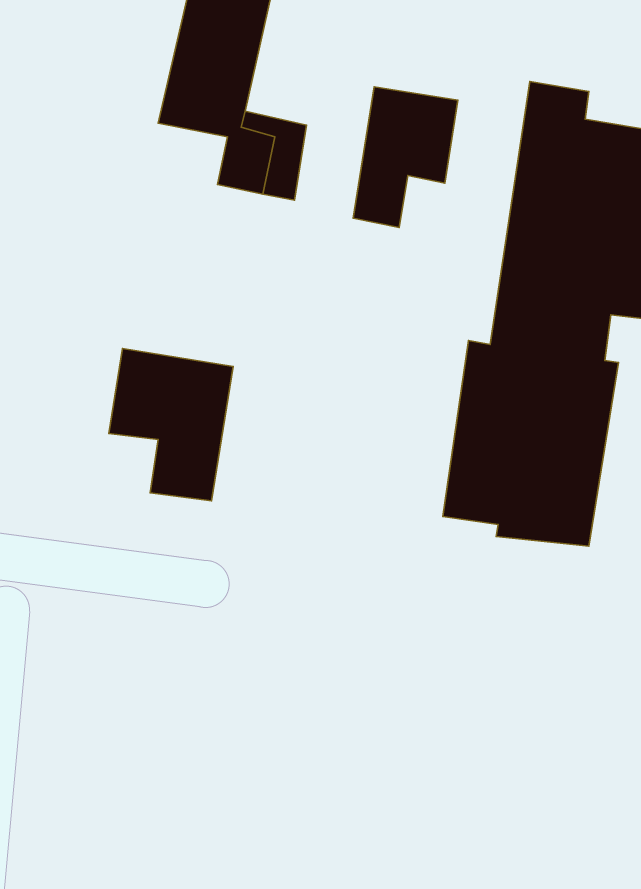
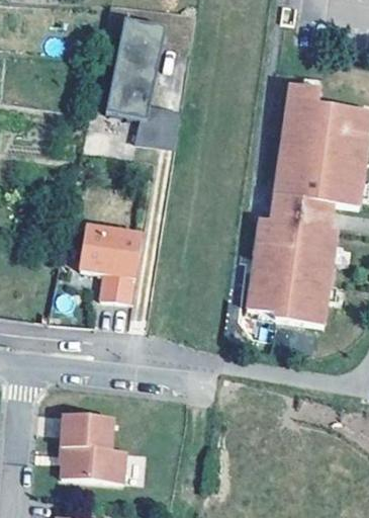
building: [353,87,458,228] -> none
building: none -> [56,413,120,482]

